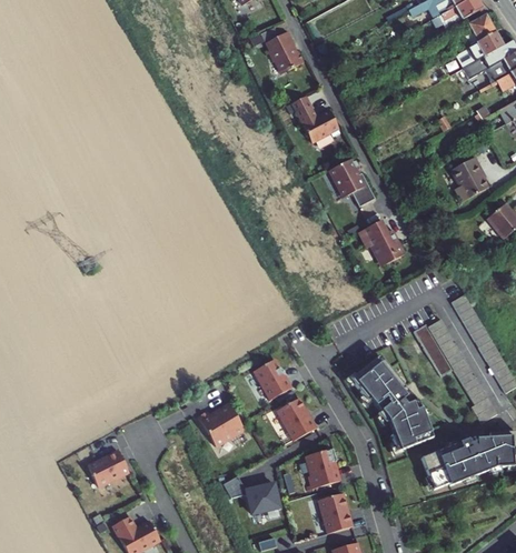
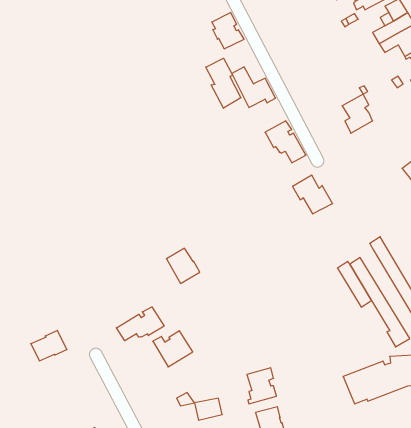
building: none -> [206,58,241,108]
building: [452,155,487,201] -> [342,94,373,133]
building: [350,355,434,452] -> none
building: [254,360,292,401] -> [166,248,200,283]
building: none -> [116,307,164,341]
building: [277,398,318,441] -> none
building: [88,451,130,486] -> [31,330,67,361]

